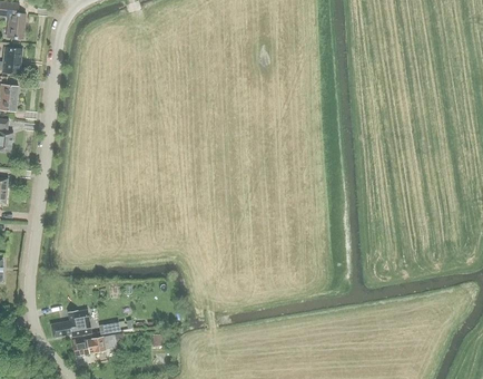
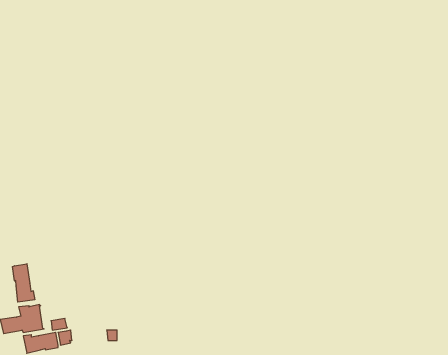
building: none -> [12,264,35,302]

